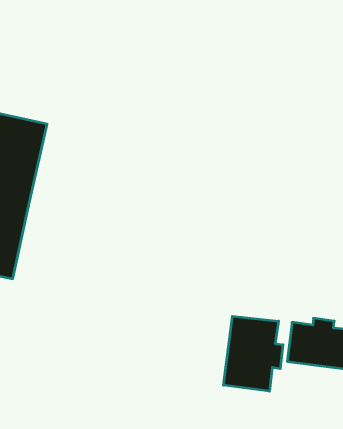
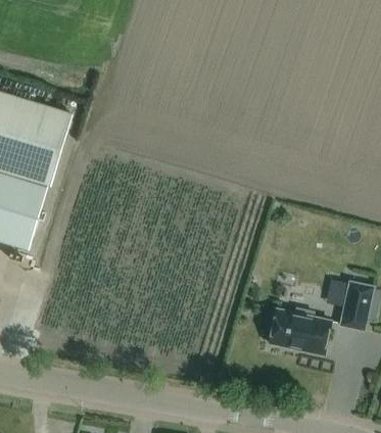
building: [224,316,283,391] -> none

